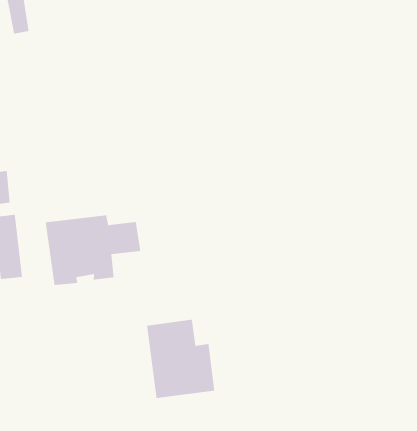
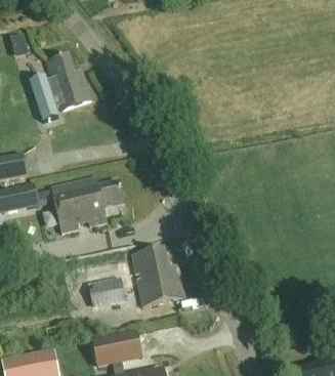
building: none -> [39,54,91,109]
building: none -> [85,277,122,306]

